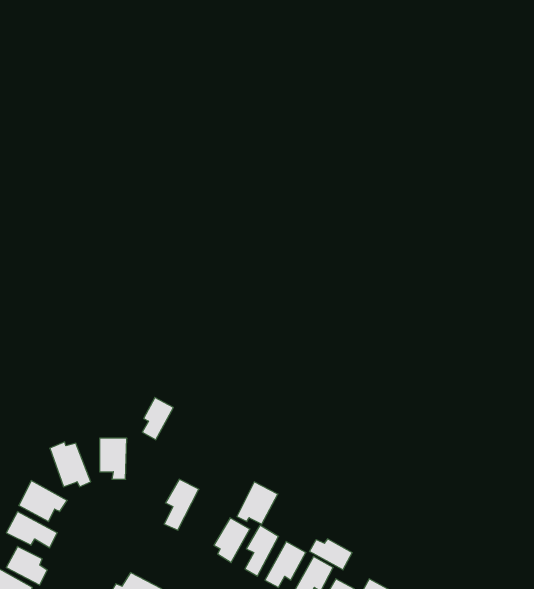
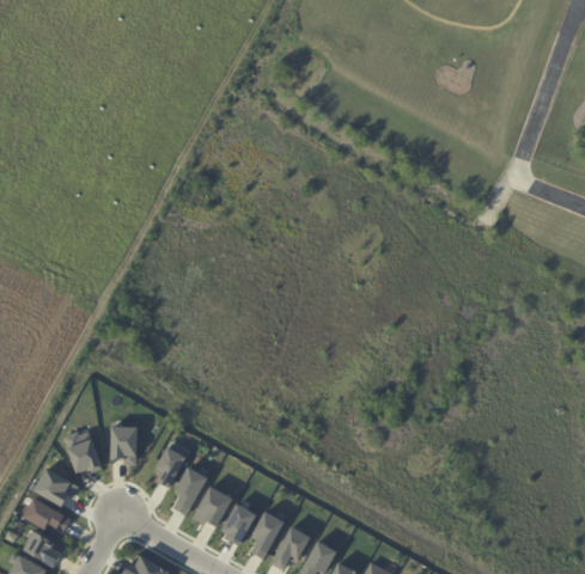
building: [142,397,173,440] -> [156,447,185,488]
building: [237,482,278,524] -> [193,486,232,526]
building: [310,539,352,570] -> none

